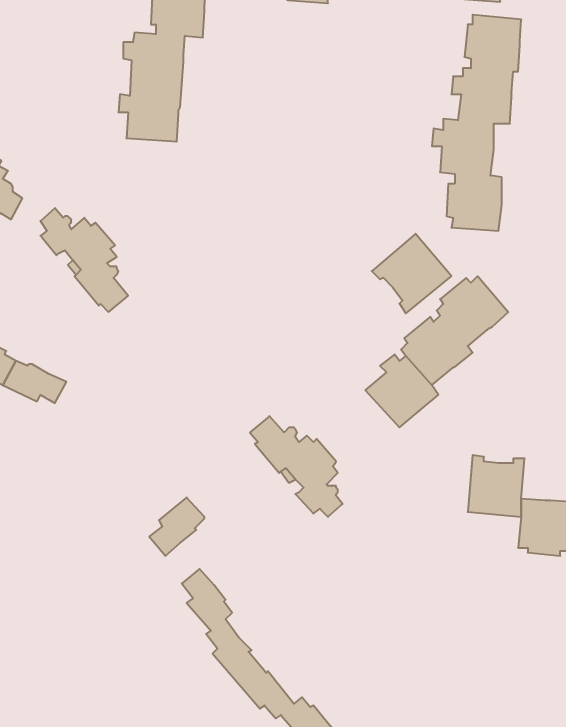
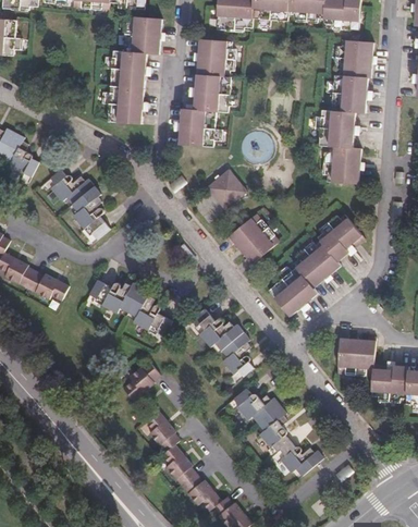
building: none -> [180,39,235,146]
building: none -> [206,168,247,208]
building: [372,234,451,313] -> [225,212,279,266]
building: none -> [88,278,172,335]
building: none -> [232,387,322,475]

